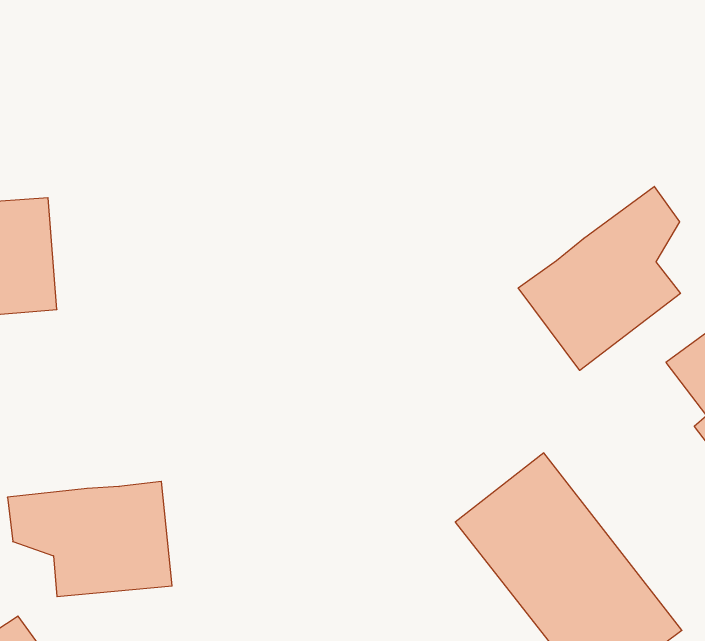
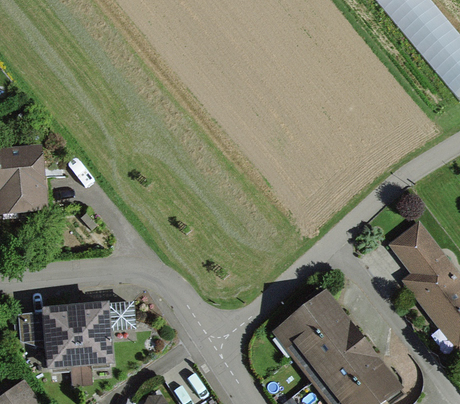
building: [518,186,680,370] -> none

